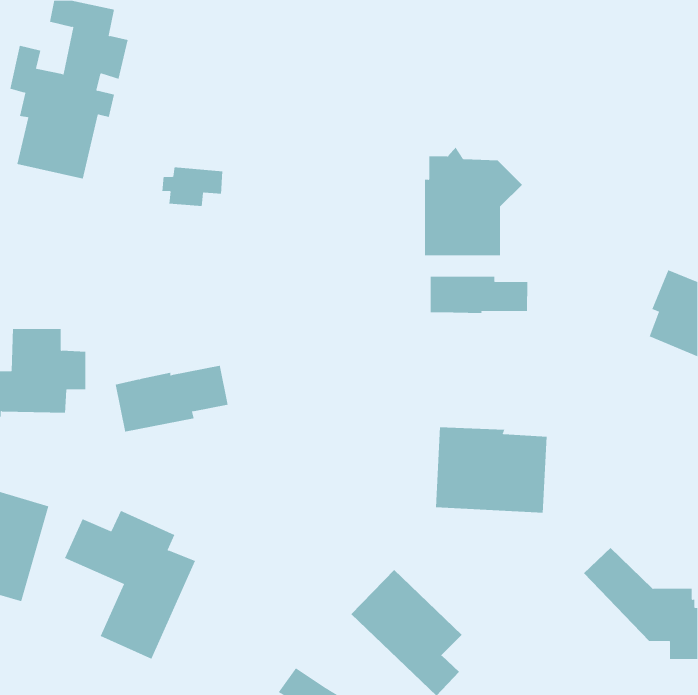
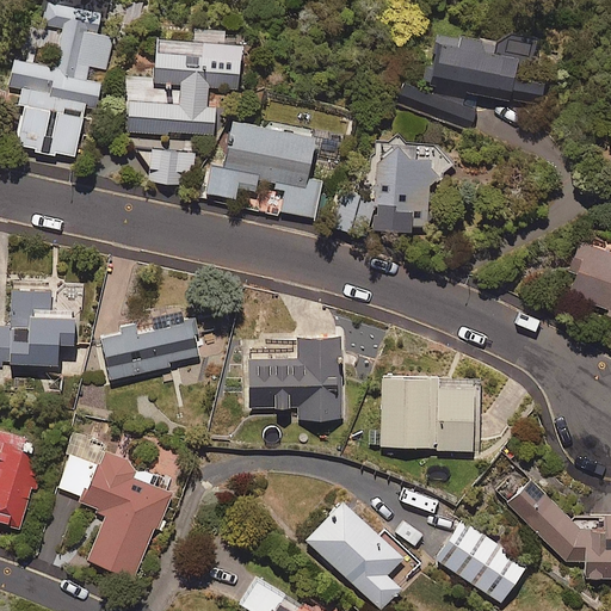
building: none -> [430,26,545,104]
building: none -> [125,33,242,136]
building: none -> [205,119,321,217]
building: [430,276,528,314] -> none
building: none -> [248,334,341,420]
building: none -> [436,519,527,604]

